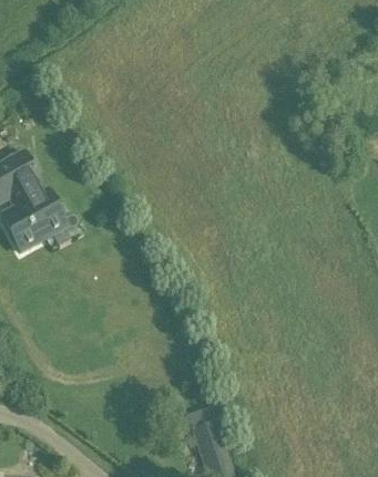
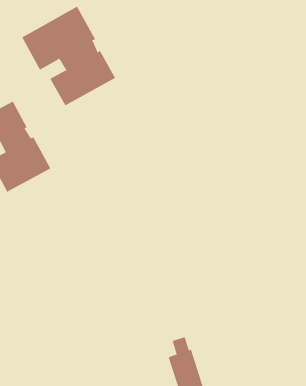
building: none -> [21,6,116,106]

